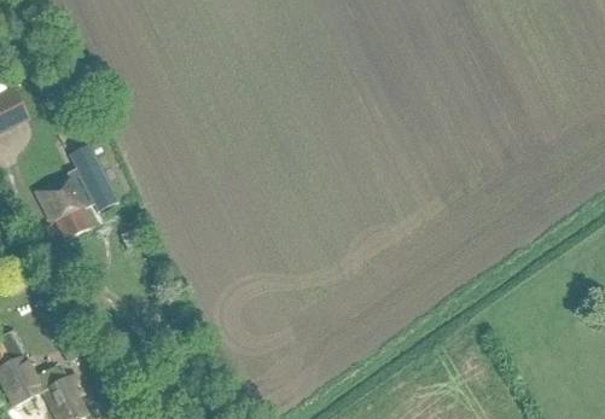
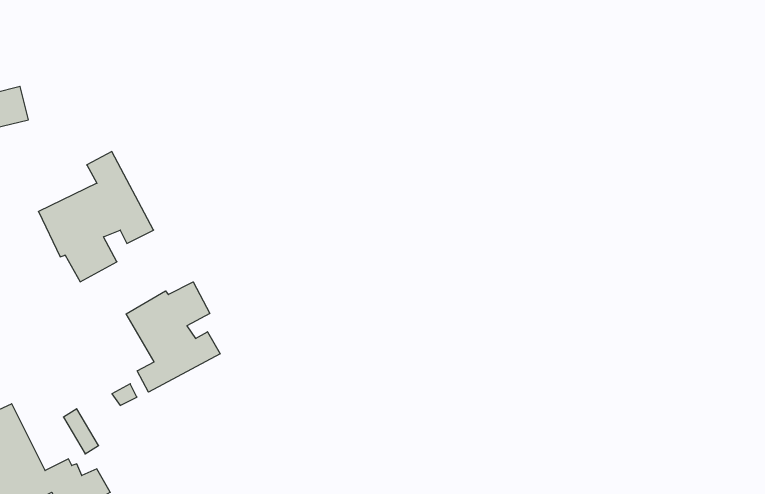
building: none -> [126,282,220,392]

